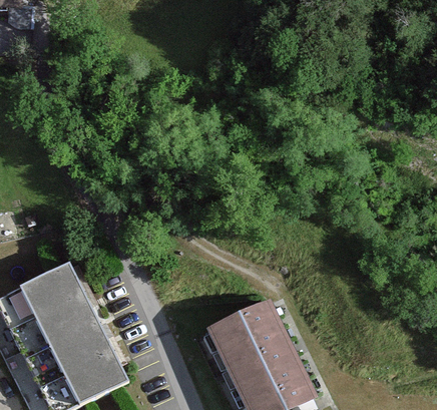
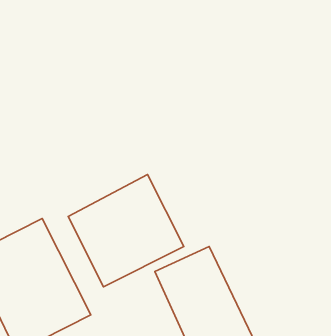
building: none -> [68,174,184,287]

